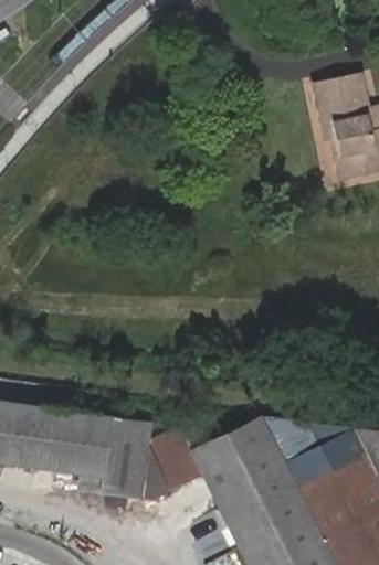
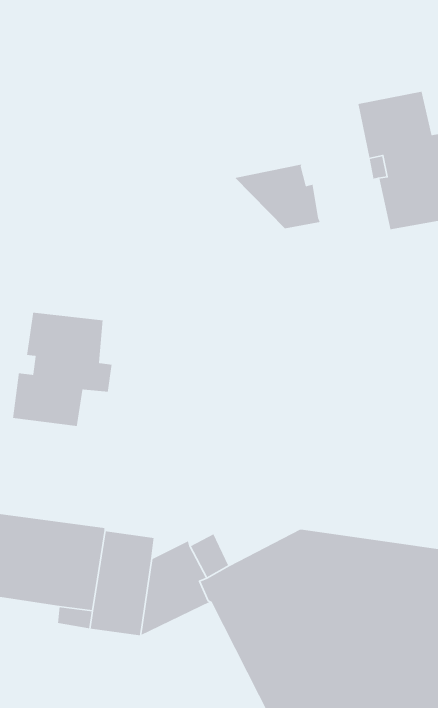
building: none -> [234,163,321,229]
building: none -> [12,312,113,427]

